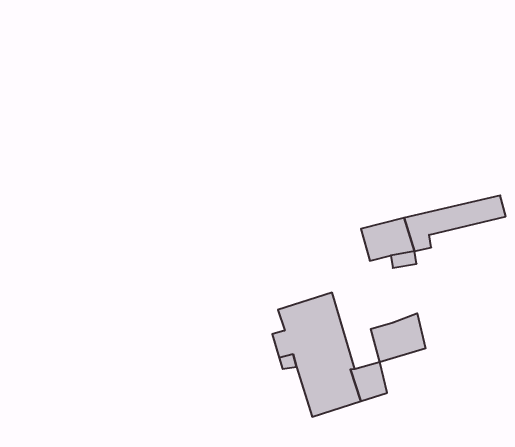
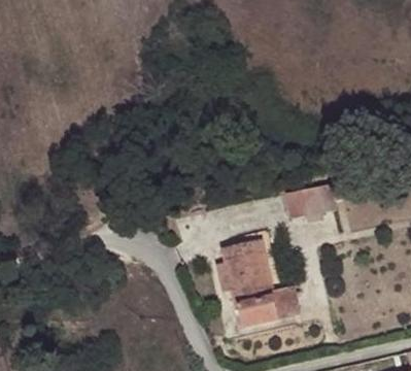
building: [371,313,426,362] -> none

